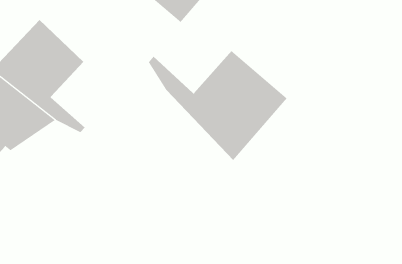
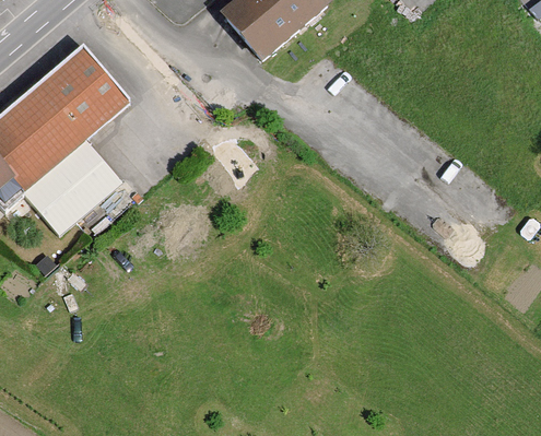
building: [148,50,287,161] -> none
building: none -> [30,168,117,235]

